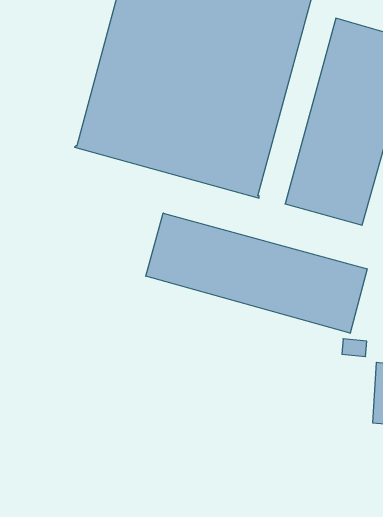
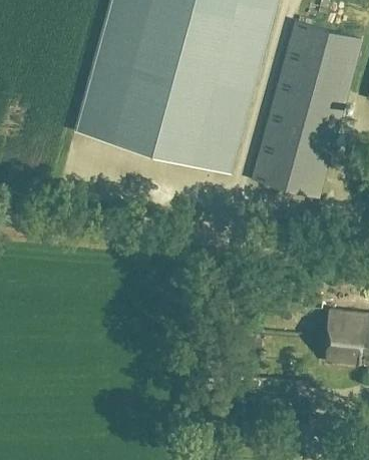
building: [146,213,367,333] -> none

